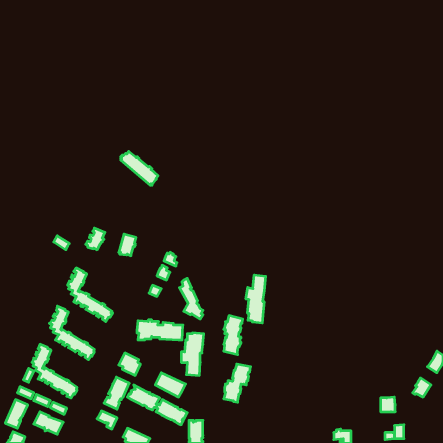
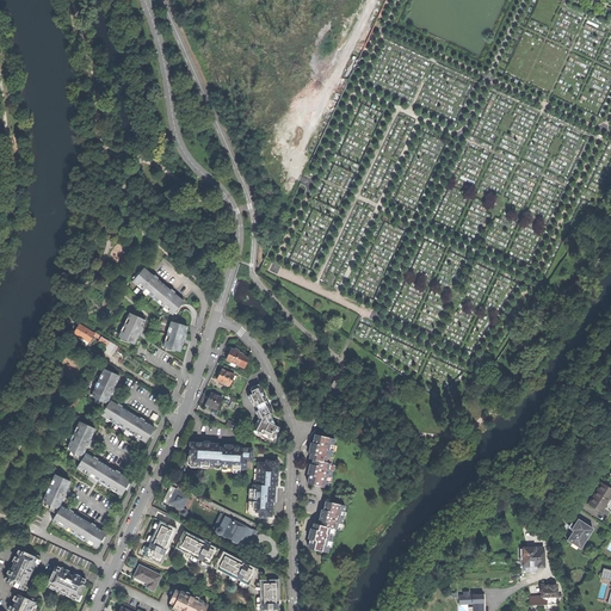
building: [121,151,158,185] -> [132,269,184,315]
building: [246,275,266,323] -> none

